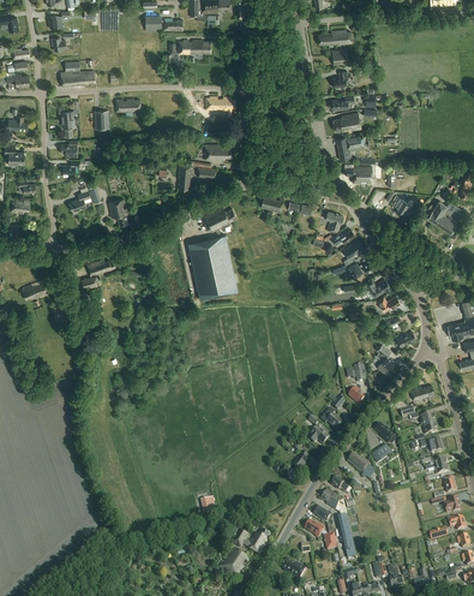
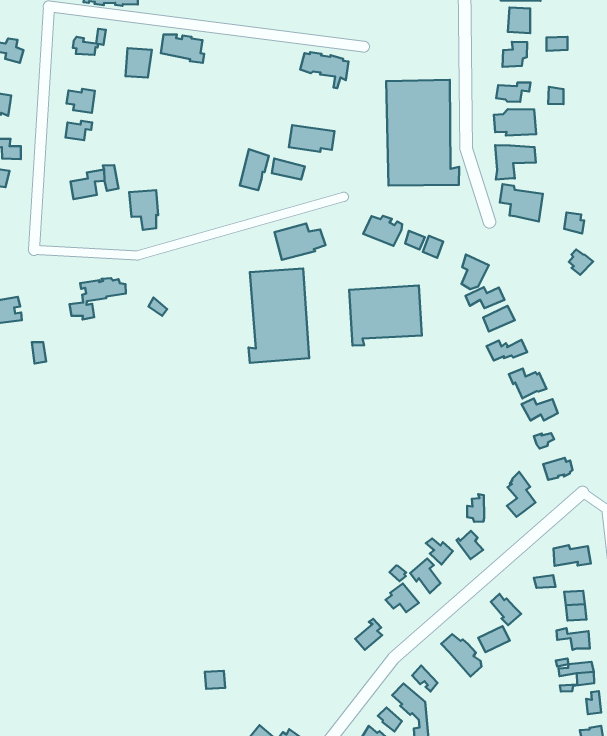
building: none -> [386,80,459,185]
building: none -> [349,285,422,346]

